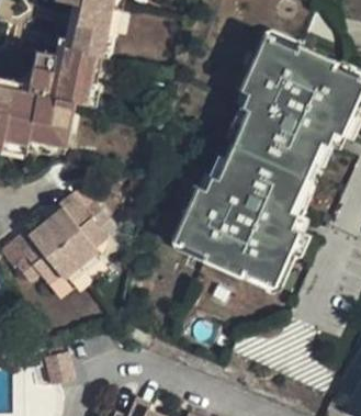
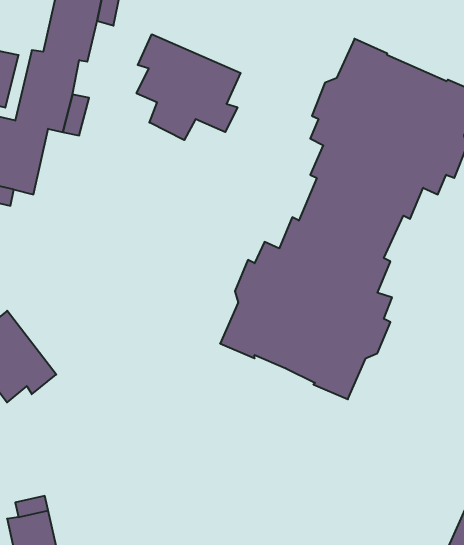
building: none -> [137,34,241,140]
building: [42,194,104,266] -> none

